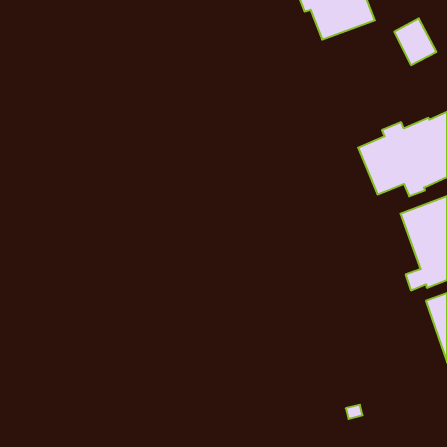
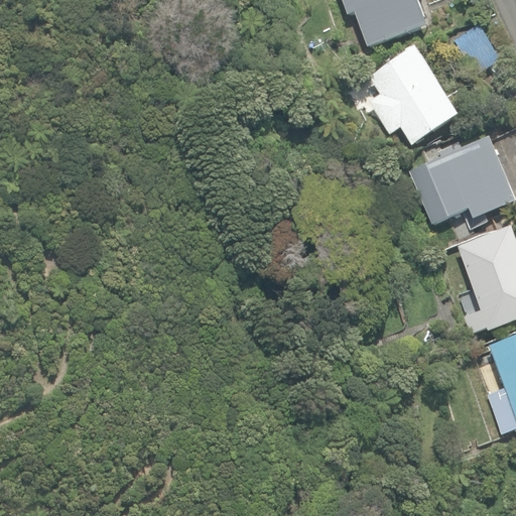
building: none -> [366,45,462,145]

